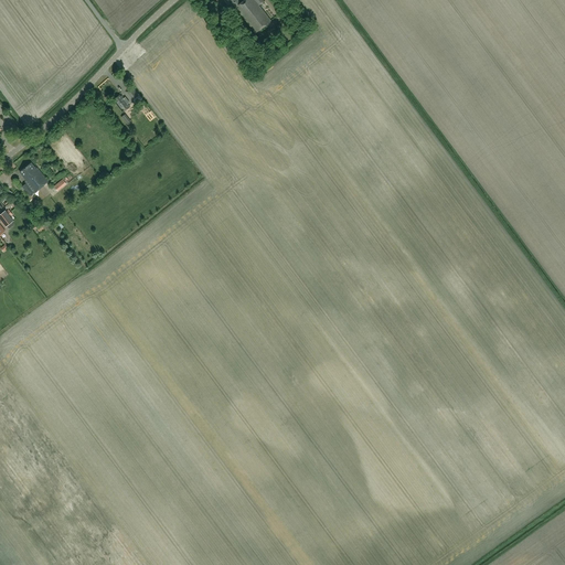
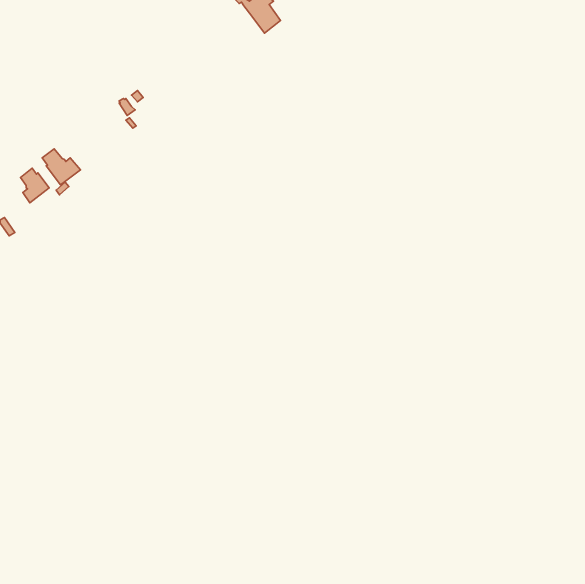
building: none -> [42,149,80,185]

